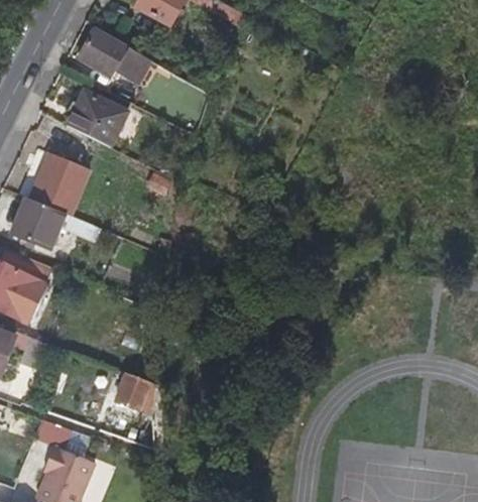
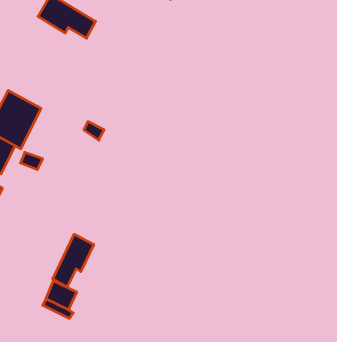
building: [67,91,130,151] -> none
building: none -> [53,234,94,287]

